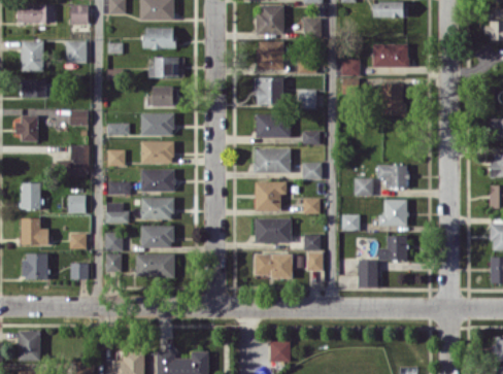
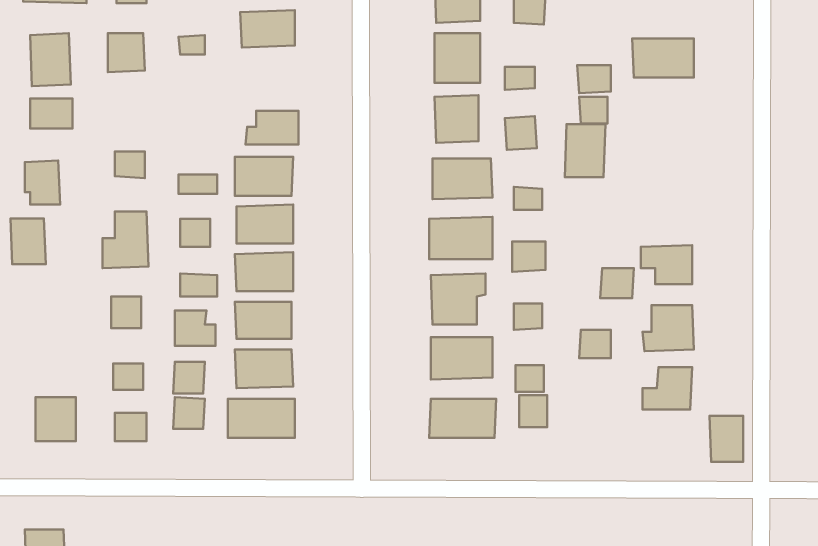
building: [147,57,183,77] -> none
building: [381,84,405,115] -> [565,124,605,177]
building: [21,182,41,209] -> [10,218,46,264]
building: [21,218,48,245] -> none
building: [358,261,377,287] -> [709,416,743,462]

